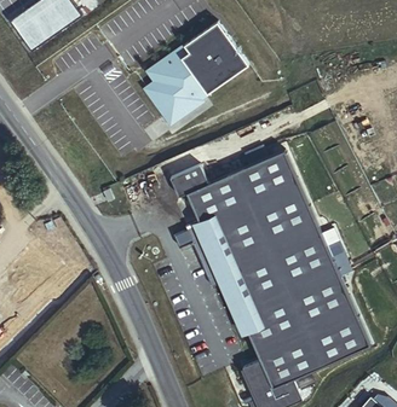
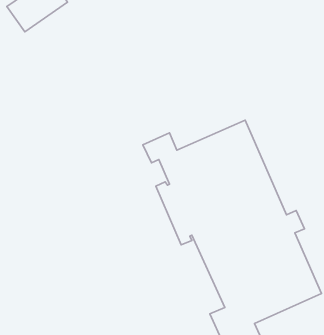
building: [142,23,246,124] -> none

